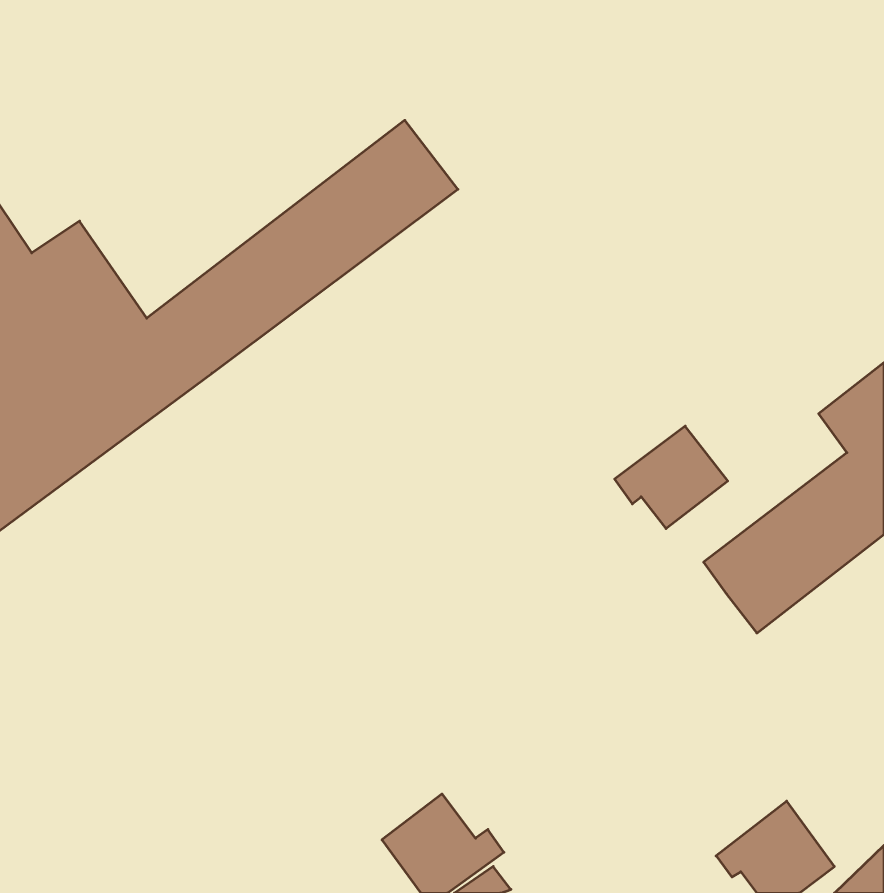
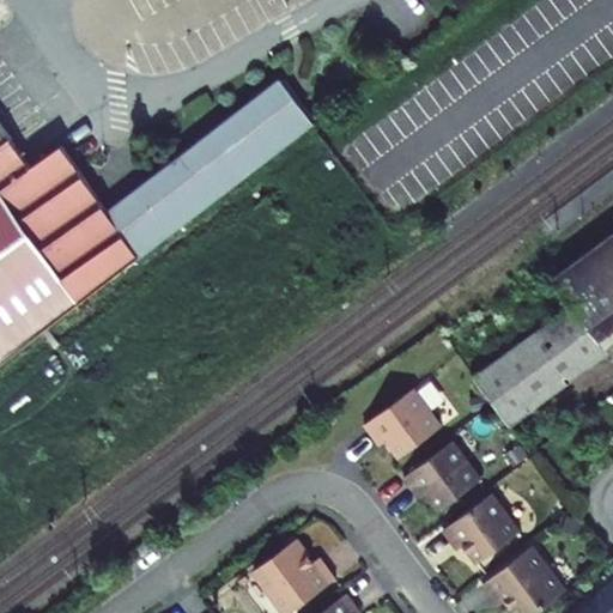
building: [615,426,728,529] -> [364,389,441,459]
building: none -> [406,442,481,511]
building: none -> [447,493,522,562]

